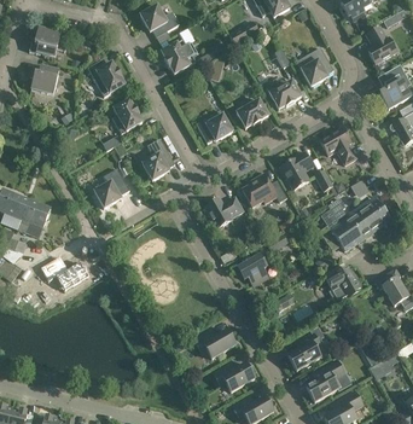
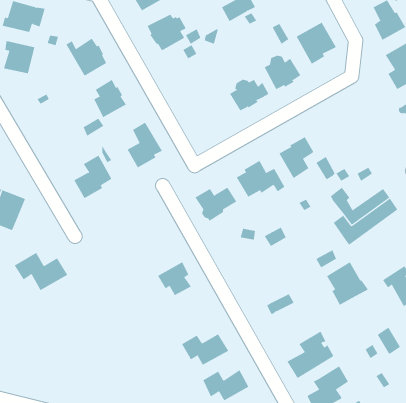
building: [196,110,232,143] -> none
building: [320,128,356,164] -> none
building: [237,254,268,285] -> [157,261,192,296]

